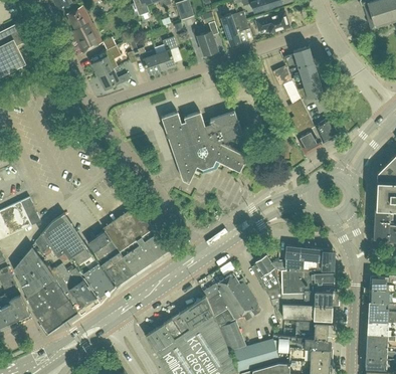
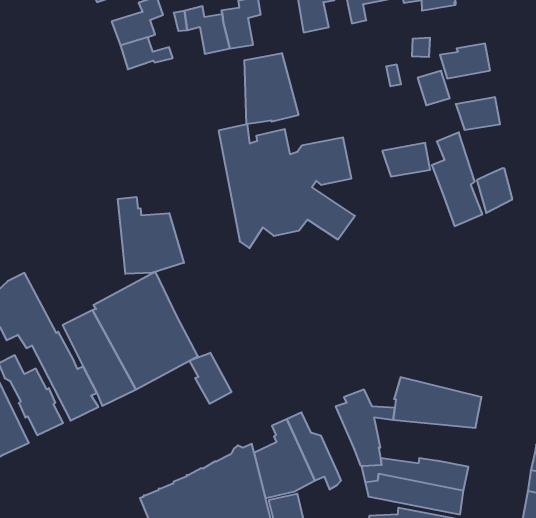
building: [289,62,319,84] -> [382,143,430,177]
building: none -> [245,53,298,124]
building: none -> [118,197,184,274]
building: none -> [189,353,231,404]
building: [281,270,334,295] -> none

